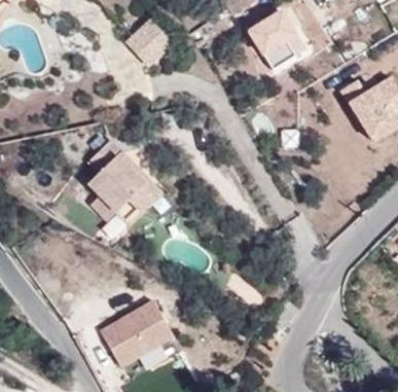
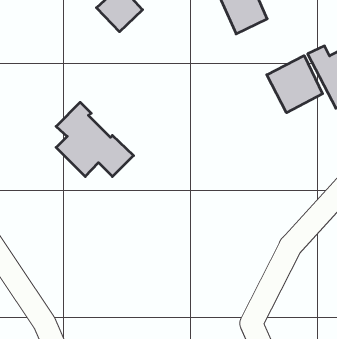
building: none -> [267,56,323,113]
building: [99,298,175,367] -> none

